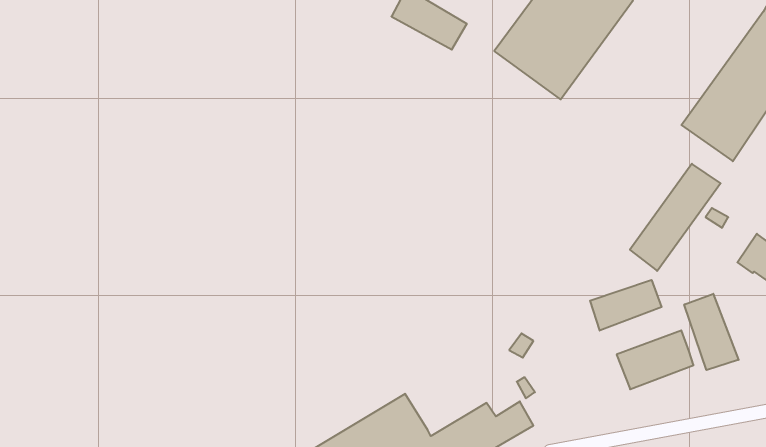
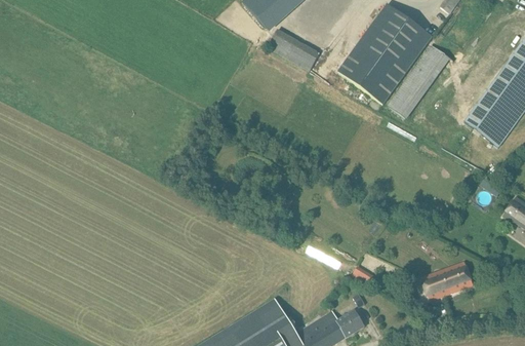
building: [630,164,721,271] -> [389,45,450,118]
building: [590,280,662,331] -> none
building: [684,294,739,370] -> none

